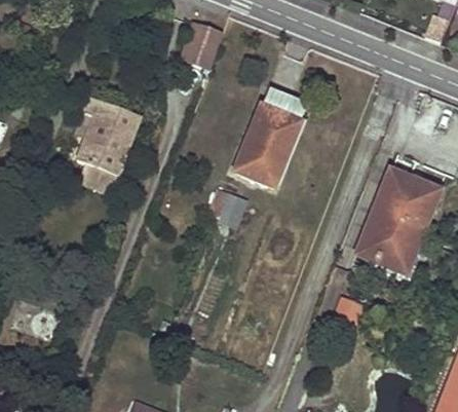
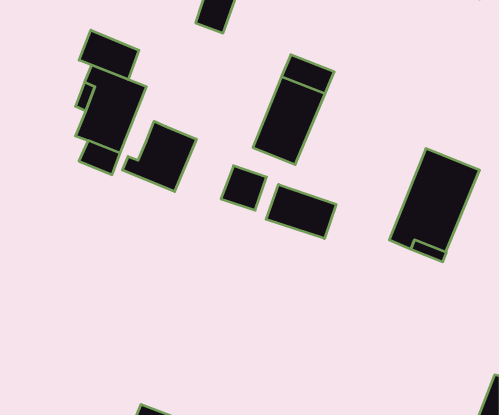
building: none -> [79,30,139,80]
building: none -> [122,121,196,192]
building: none -> [266,184,336,239]

